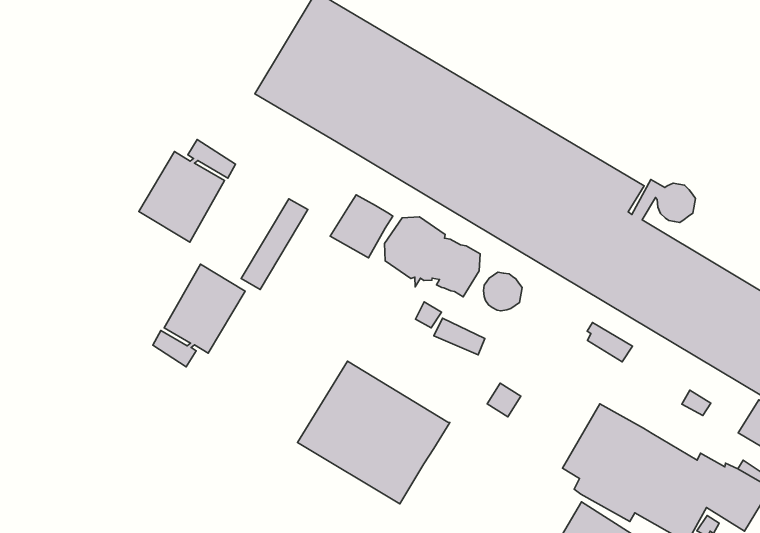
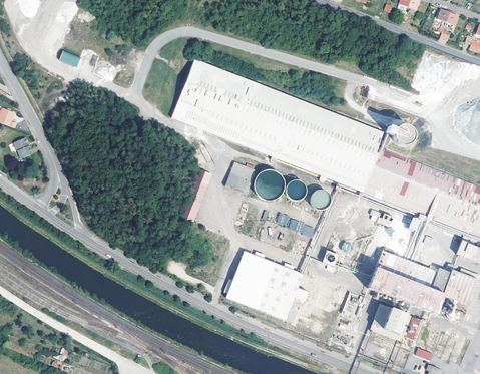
building: [139,140,235,242] -> none
building: [153,264,245,367] -> none

